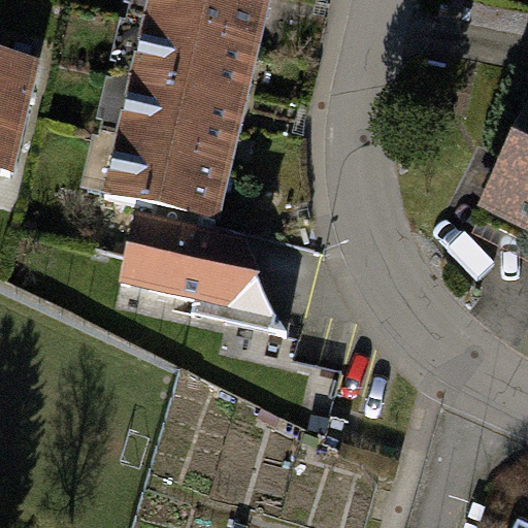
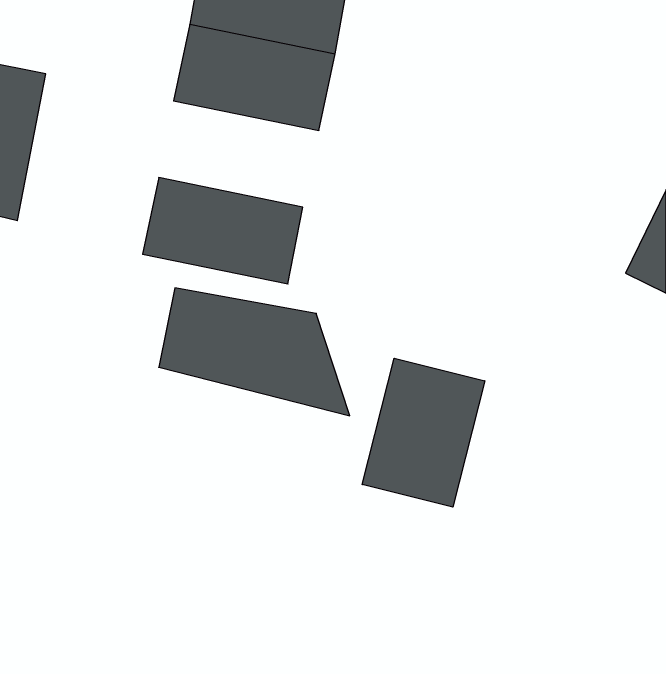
building: [122,77,244,159] -> none
building: none -> [362,358,485,507]

